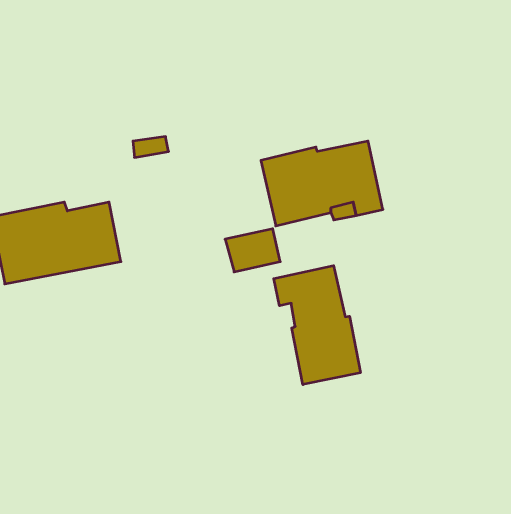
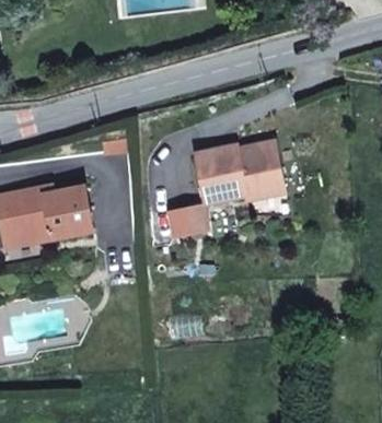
building: [274,266,360,385] -> none

